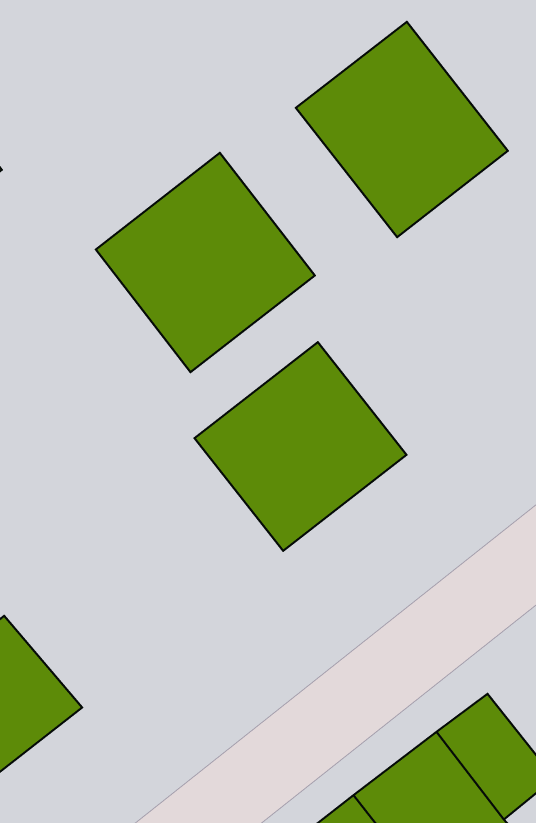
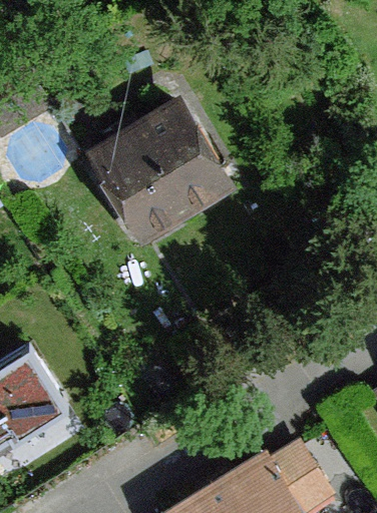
building: [296,22,508,237] -> none
building: [195,342,407,551] -> none

